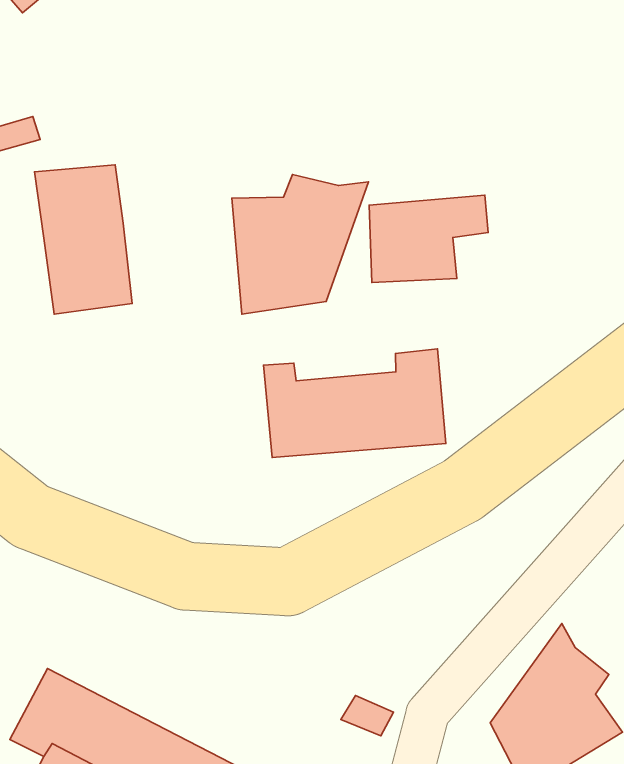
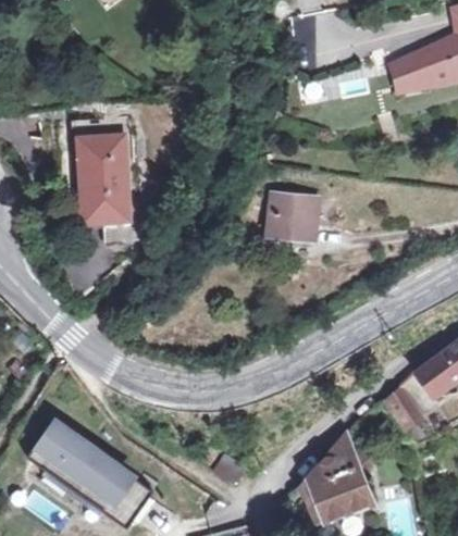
building: [232,174,369,314] -> none
building: [264,349,446,458] -> none

